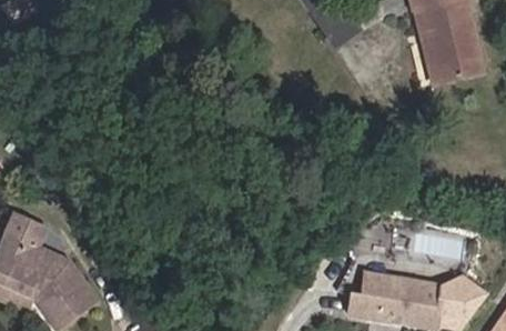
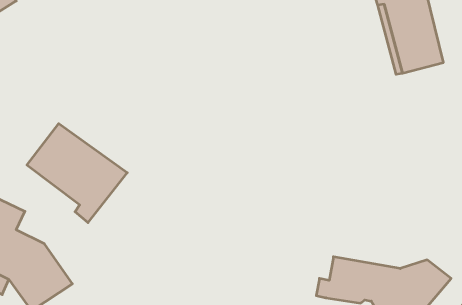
building: none -> [27,124,127,223]

